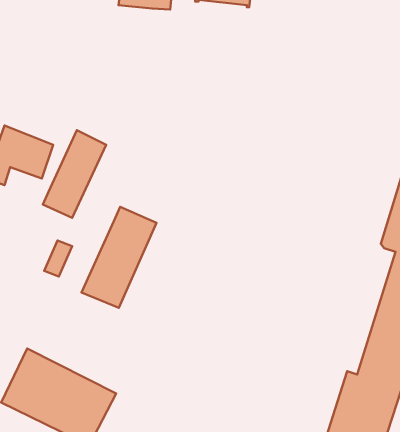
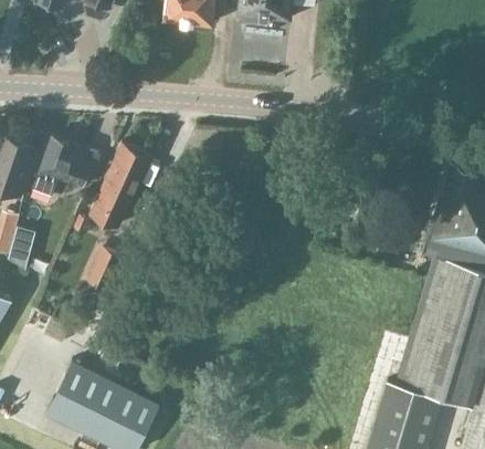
building: [82,207,156,308] -> none

